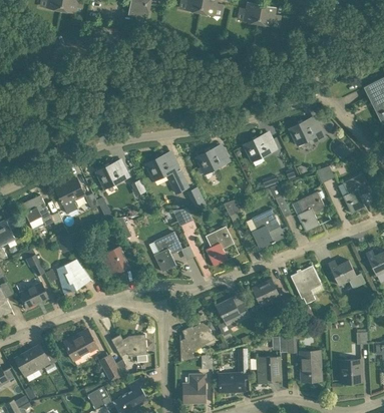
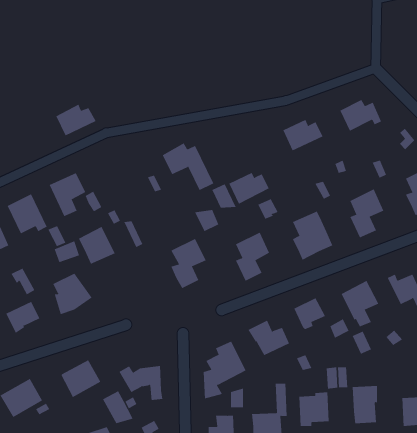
building: [197,147,230,173] -> [229,172,269,204]
building: [96,161,129,187] -> [55,104,96,136]
building: [100,245,130,276] -> [78,226,115,264]

